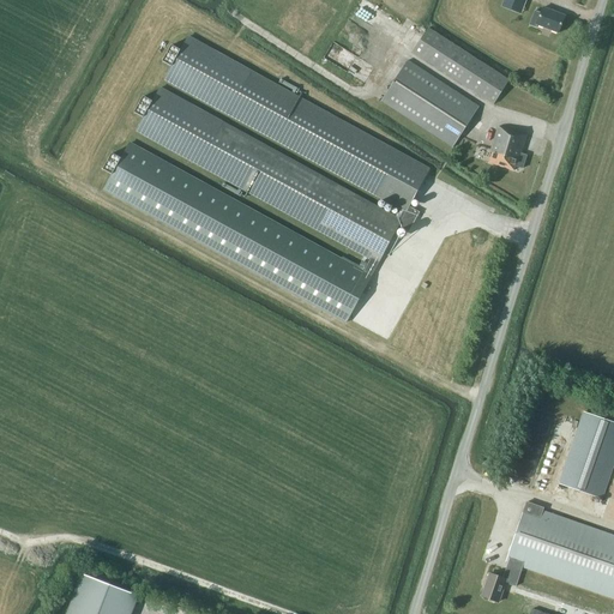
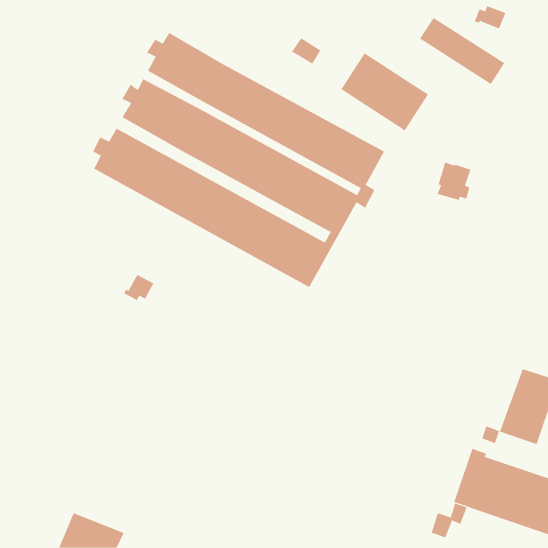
building: [414,28,510,103] -> [419,17,505,85]
building: [489,126,528,169] -> [437,162,471,200]
building: none -> [123,274,154,301]

